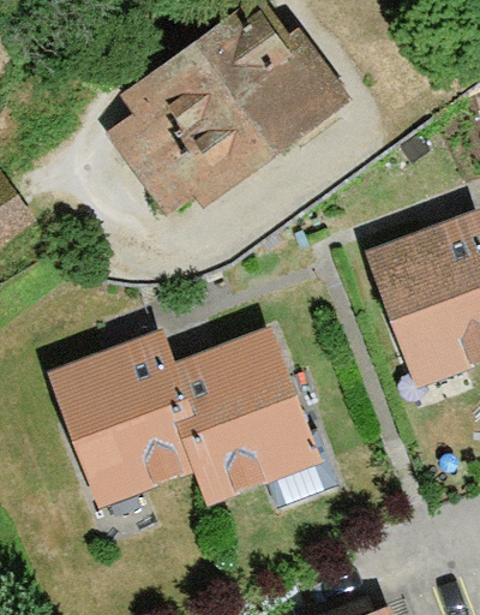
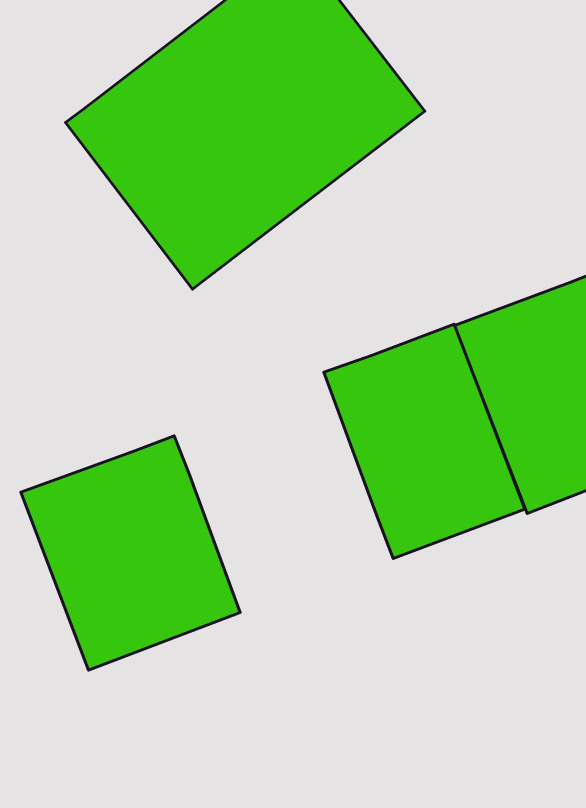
building: [175,327,322,497] -> [324,324,525,558]

